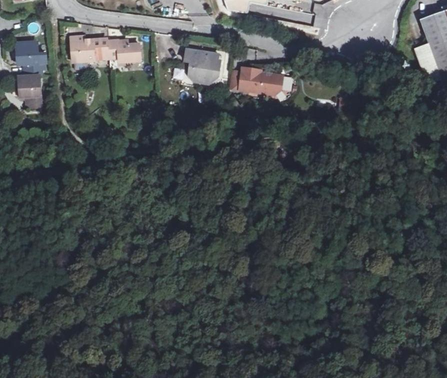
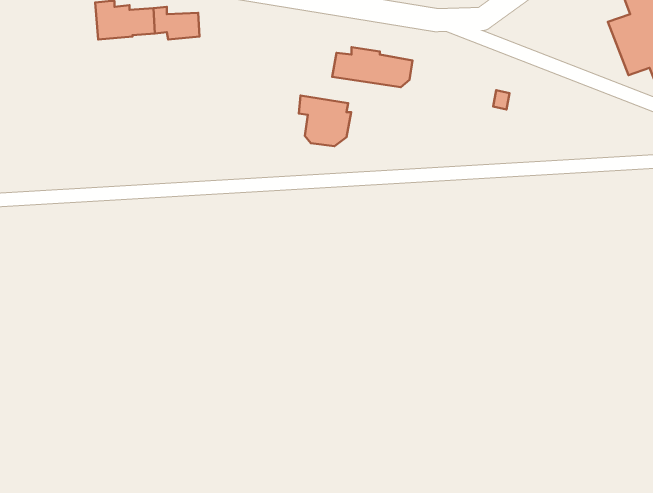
building: [16,41,45,108] -> none
building: [184,47,219,81] -> [299,96,351,146]

